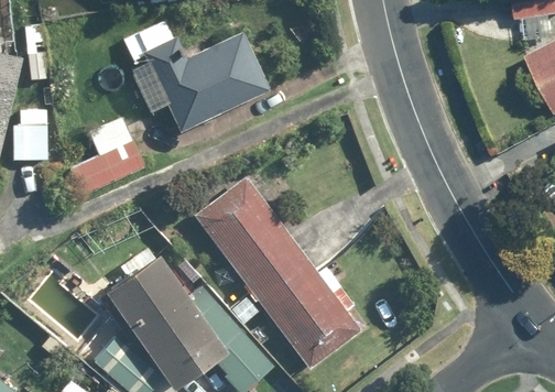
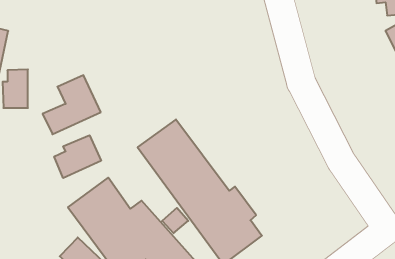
building: [142,32,269,132] -> none
building: none -> [54,135,101,178]

